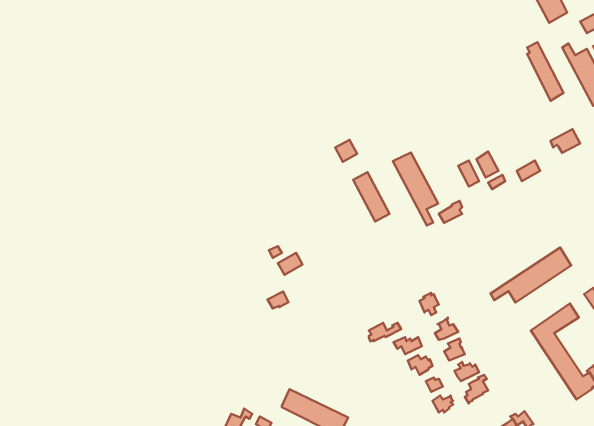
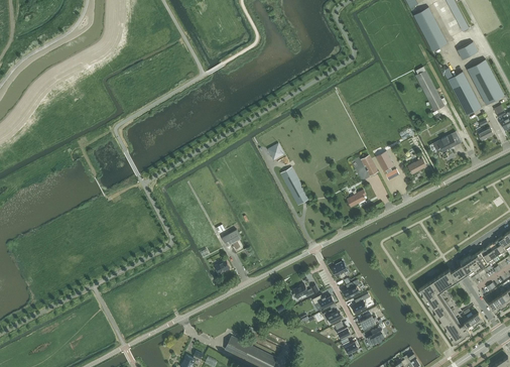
building: [393,152,438,225] -> none
building: [490,247,571,303] -> none

